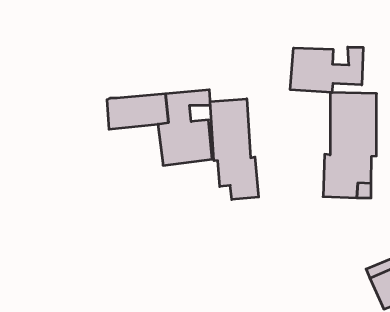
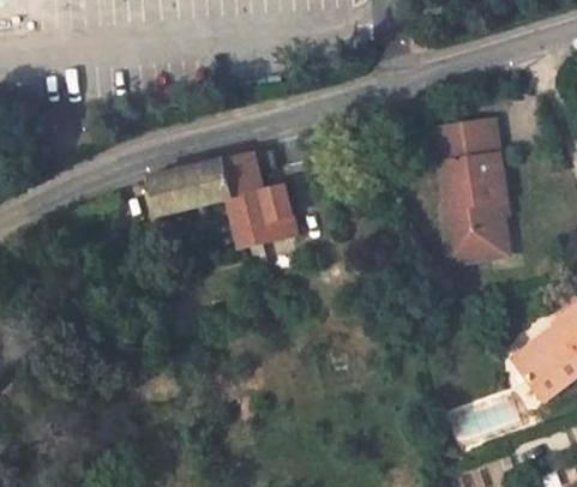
building: [290,47,363,93] -> none
building: [210,99,259,200] -> none

